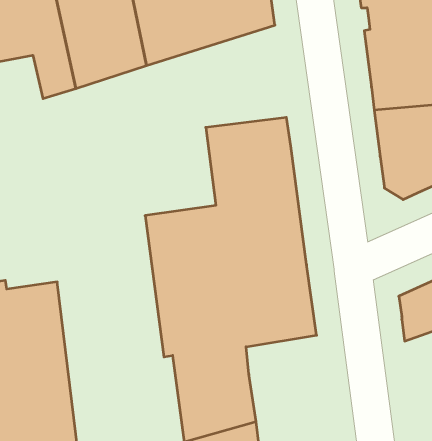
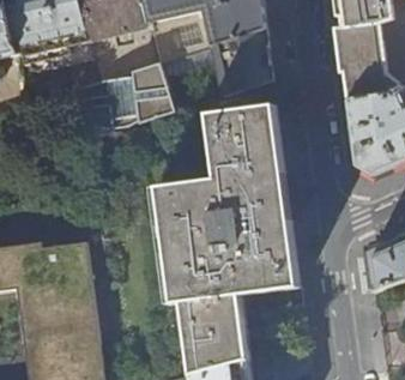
building: none -> [69,28,268,138]

